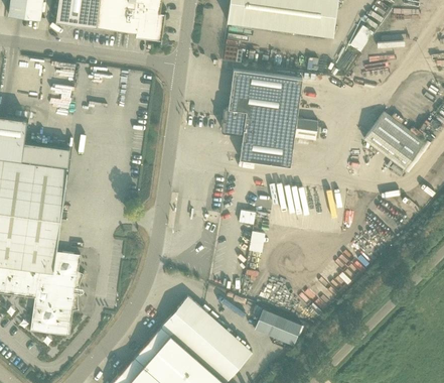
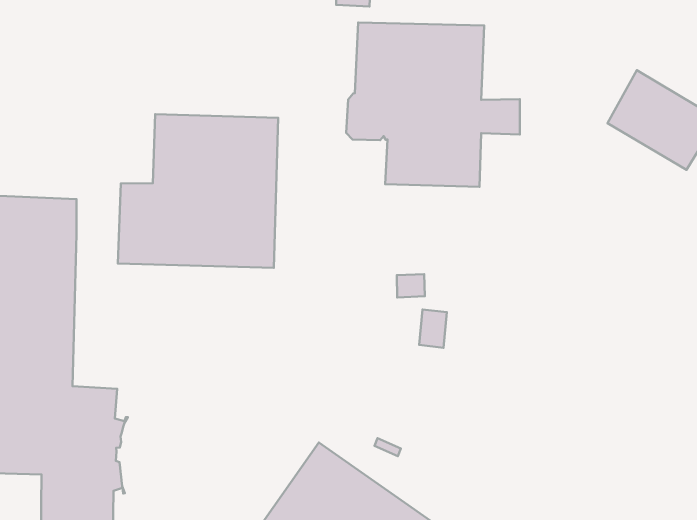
building: none -> [118,114,278,268]
building: [254,309,301,346] -> none

